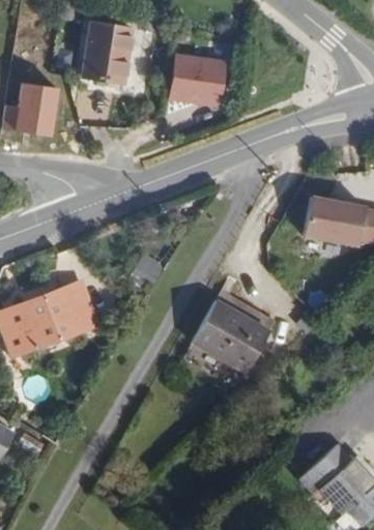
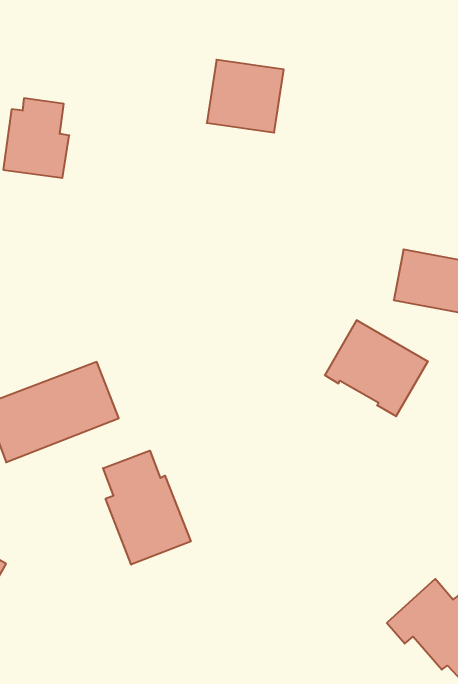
building: [81,21,133,88] -> none
building: [192,299,269,372] -> [325,320,428,416]
building: none -> [103,451,191,565]

